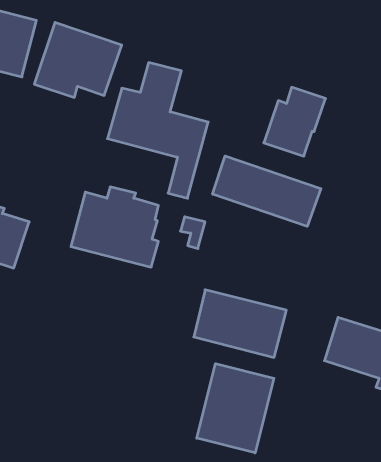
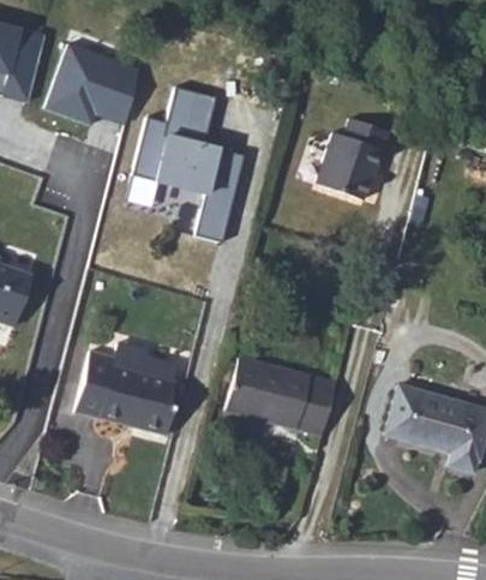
building: [213,156,321,226] -> none
building: [71,187,158,267] -> [70,340,172,433]
building: [197,364,274,453] -> none

